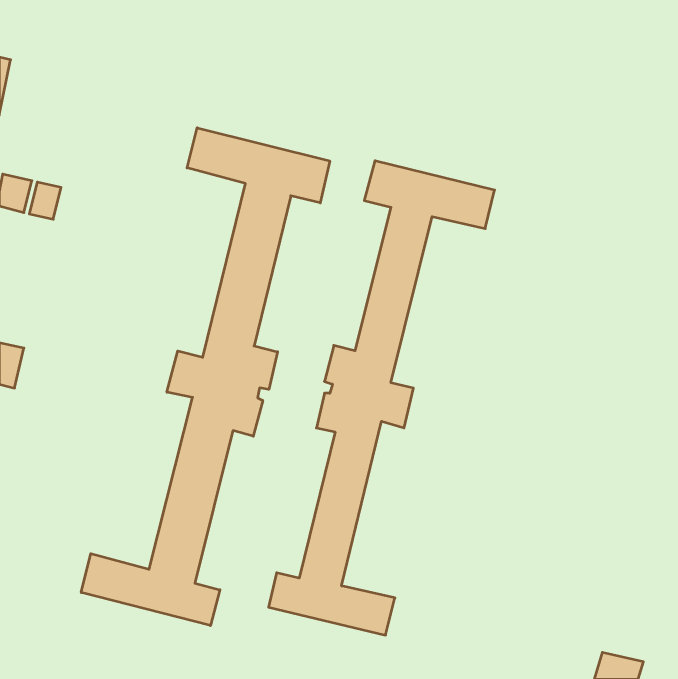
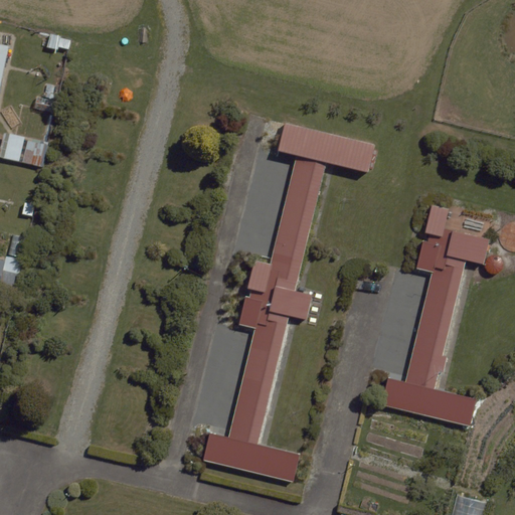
building: [81,128,330,626] -> none
building: none -> [381,207,489,426]

